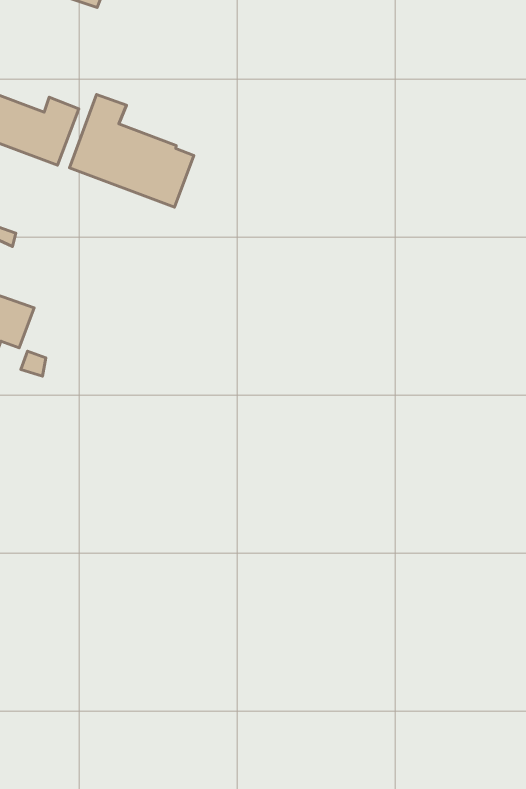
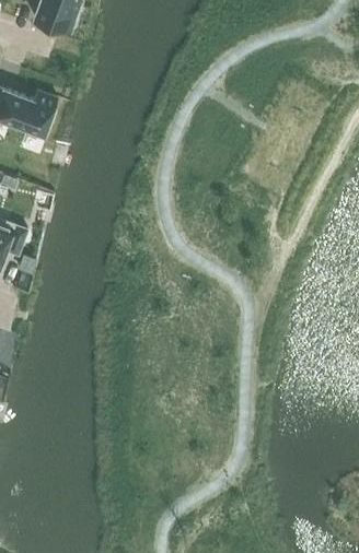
building: [69,94,194,207] -> none

